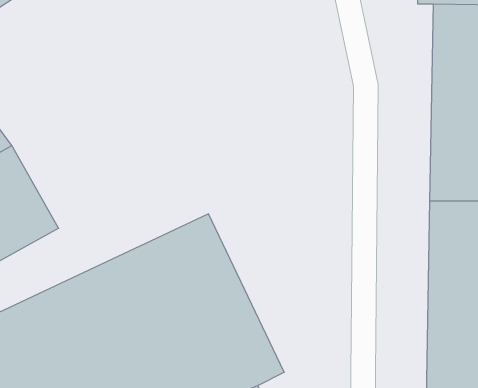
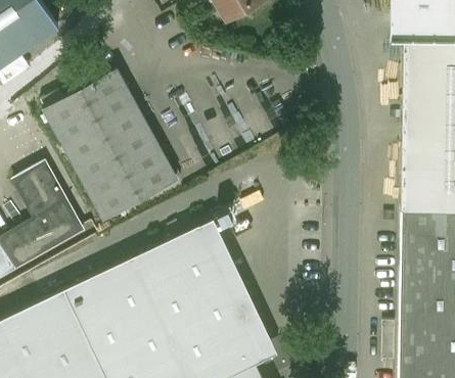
building: none -> [43,69,177,220]

